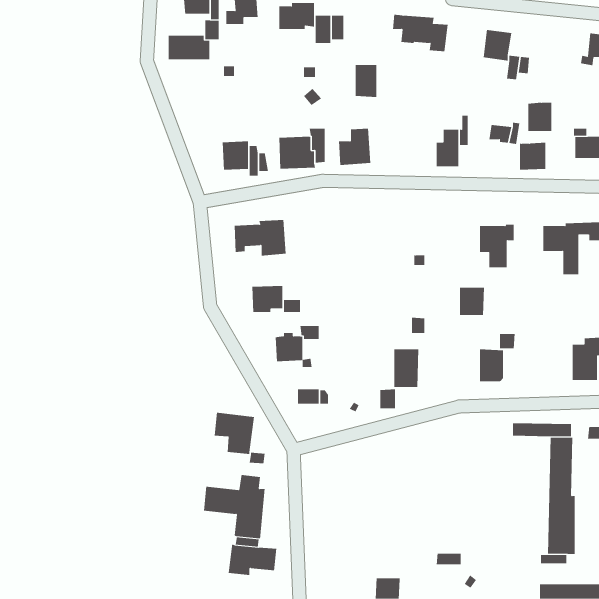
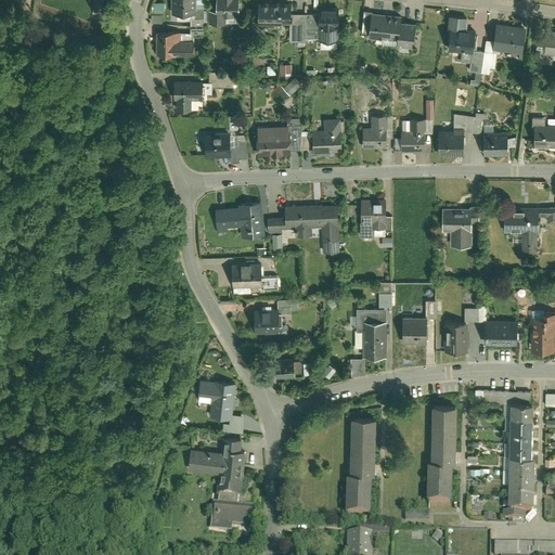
building: none -> [491,23,524,54]
building: [355,65,377,97] -> [319,8,339,38]
building: none -> [175,81,204,111]
building: [527,102,552,132] -> [439,129,462,156]
building: none -> [364,115,388,149]
building: none -> [361,198,387,231]
building: none -> [269,204,340,253]
building: [459,287,485,316] -> [402,318,426,344]
building: none -> [358,308,386,332]
building: none -> [485,320,519,345]
building: none -> [426,406,455,503]
building: none -> [347,418,373,517]

